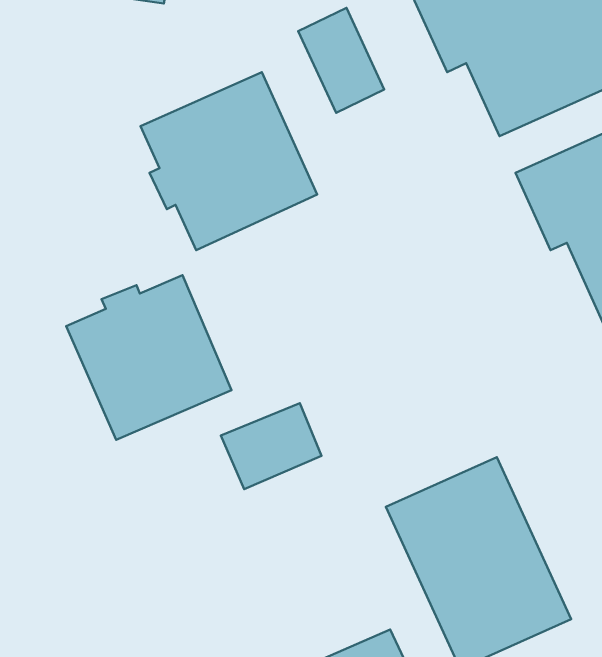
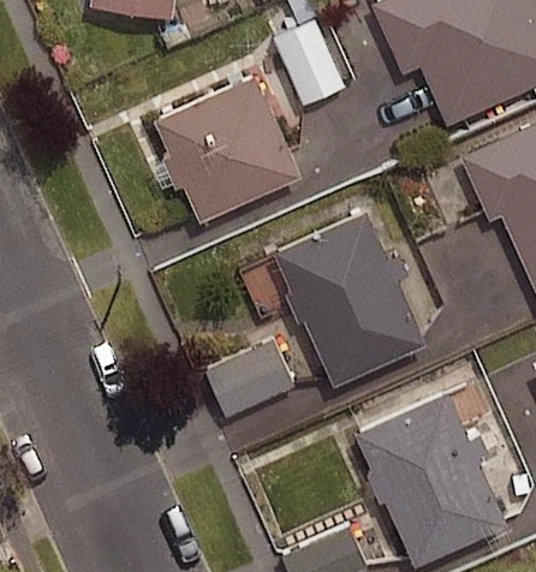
building: none -> [270,210,425,386]
building: [66,275,232,440] -> none

